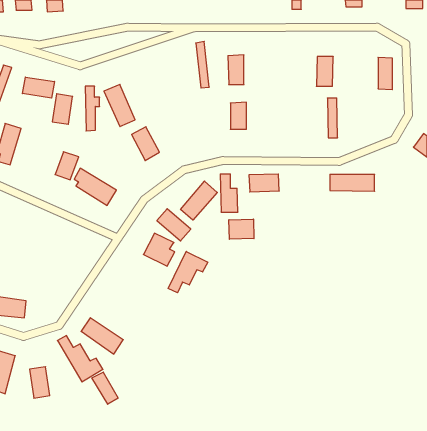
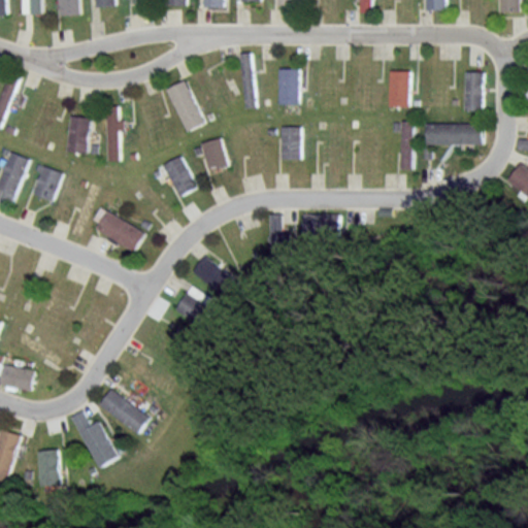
building: [22,77,54,98] -> none
building: [104,84,135,127] -> [165,80,203,132]
building: none -> [200,138,226,169]
building: [55,152,79,180] -> [31,166,60,200]
building: [330,174,375,191] -> [425,124,480,144]
building: [181,181,217,220] -> none
building: [229,219,254,239] -> none
building: [168,251,208,293] -> none
building: [92,372,118,404] -> none

